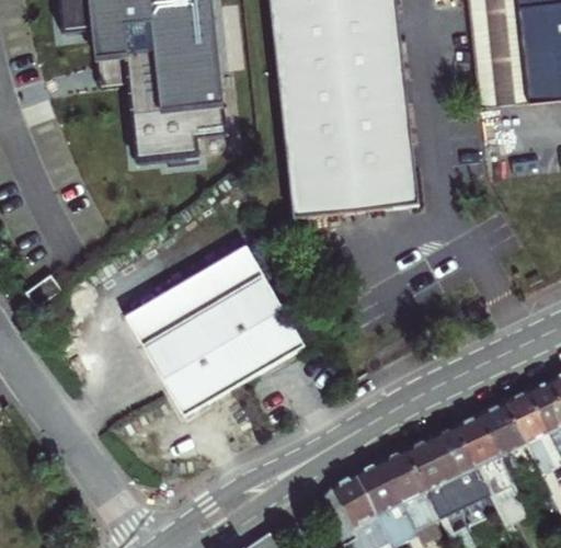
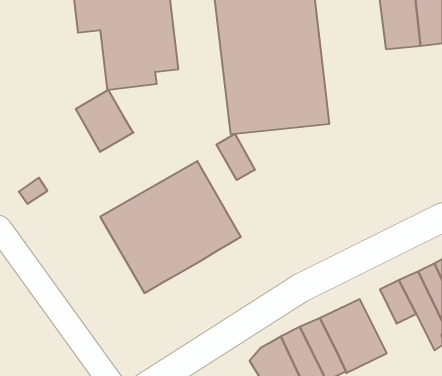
building: none -> [76,90,134,152]
building: none -> [216,134,255,180]
building: [456,411,527,515] -> none

